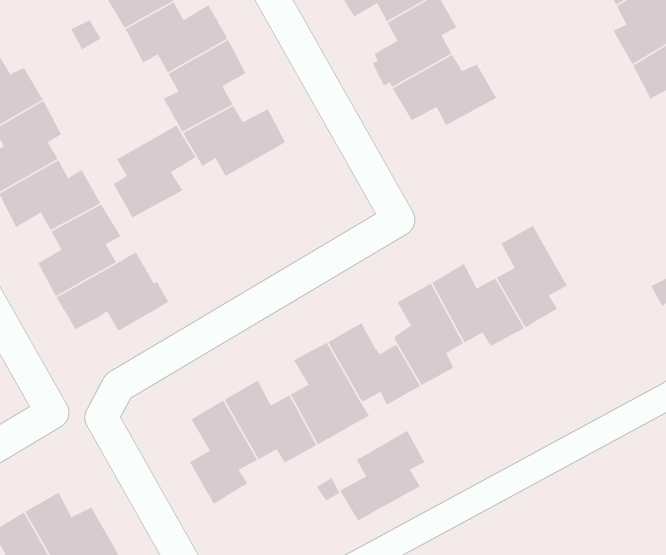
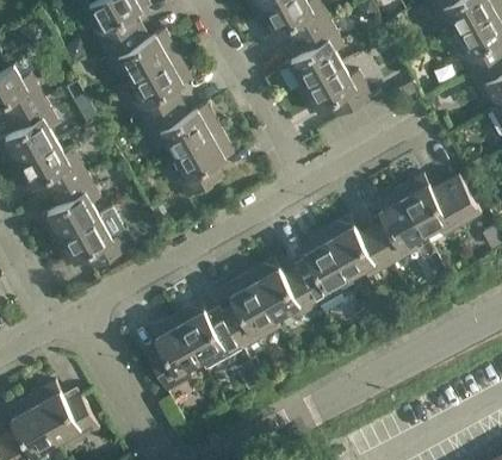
building: [112,125,197,218] -> [174,130,235,198]
building: none -> [399,175,482,236]
building: [339,430,425,522] -> none

